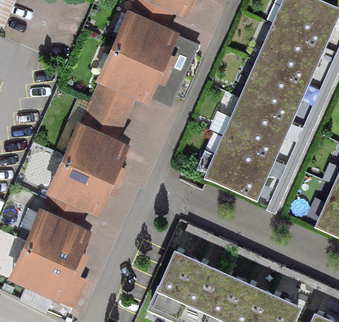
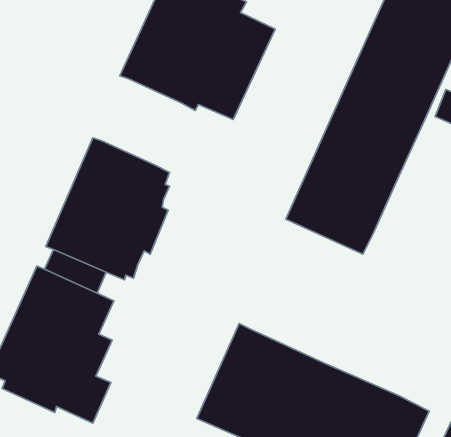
building: [83,83,136,140] -> none

